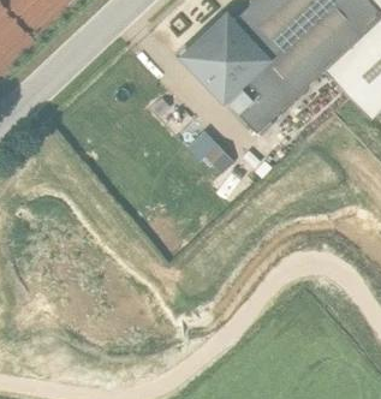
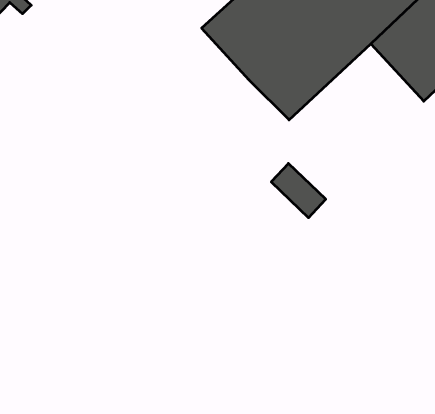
building: [192,127,238,173] -> [271,163,326,218]

